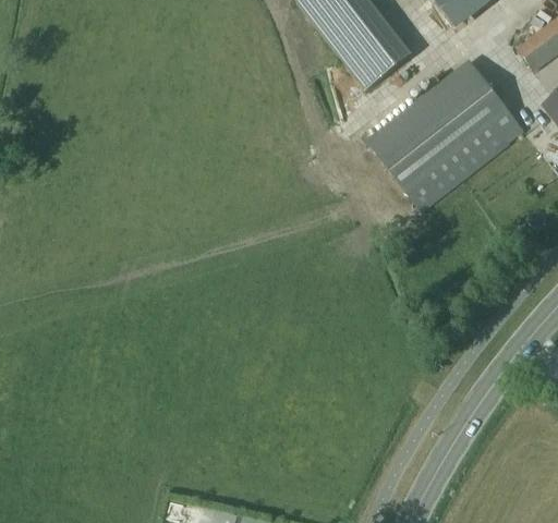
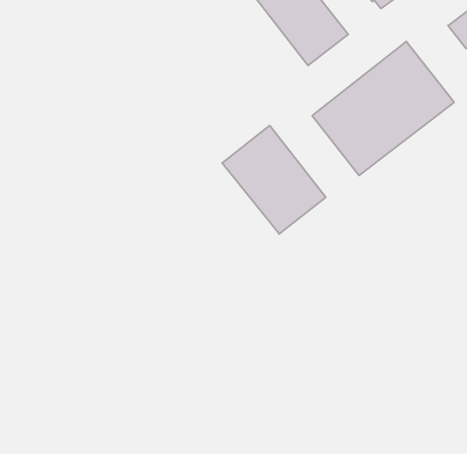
building: none -> [222,126,326,234]

